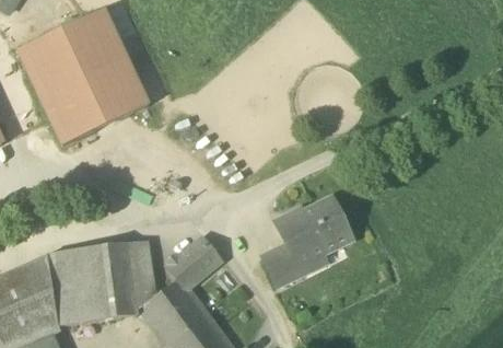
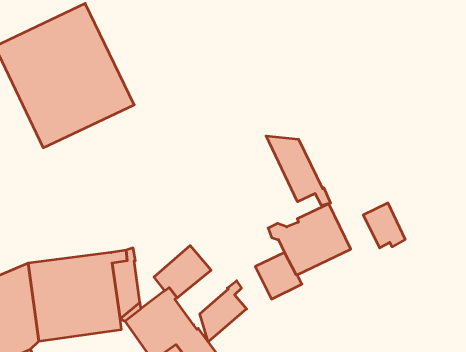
building: none -> [266,136,331,206]
building: none -> [363,203,405,248]
building: none -> [200,281,247,342]

